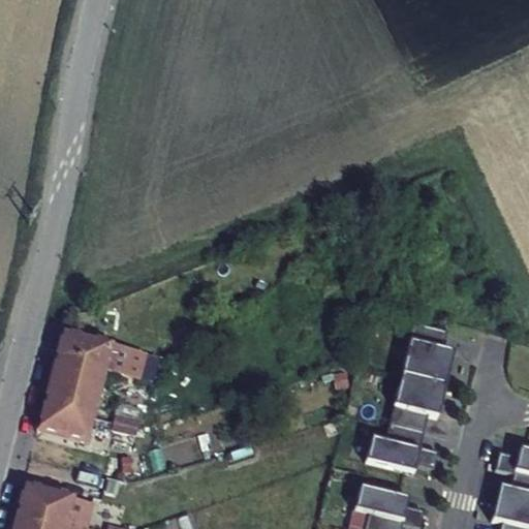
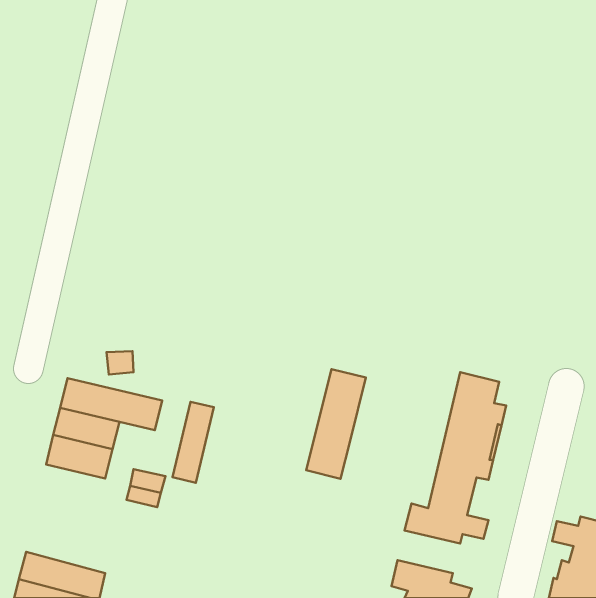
building: none -> [306,369,366,479]
building: none -> [173,402,214,483]
building: [42,406,99,441] -> none

